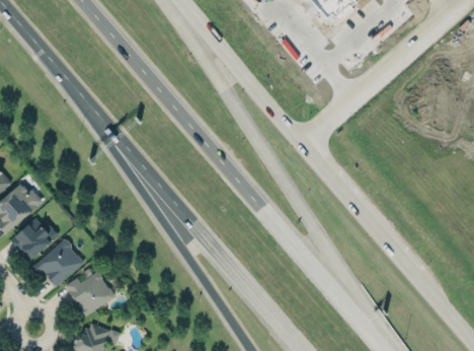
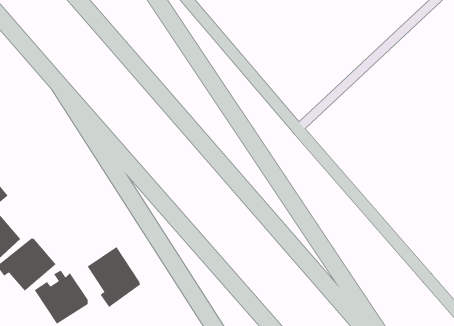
building: none -> [87,246,140,308]

